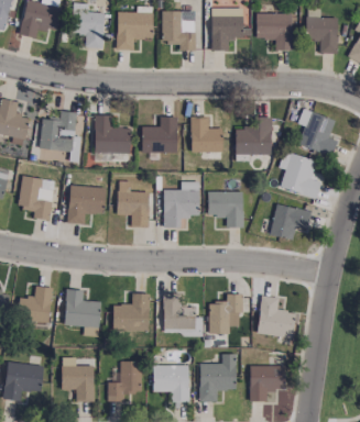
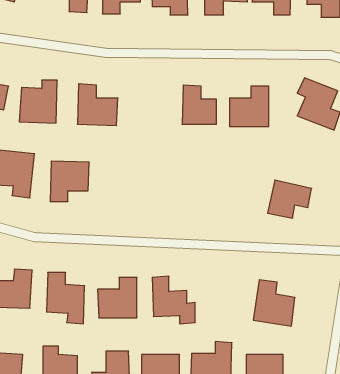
building: [141,116,177,153] -> none
building: [282,154,319,197] -> none
building: [118,181,149,227] -> none
building: [163,181,199,227] -> none
building: [207,191,243,227] -> none
building: [208,293,241,334] -> none

